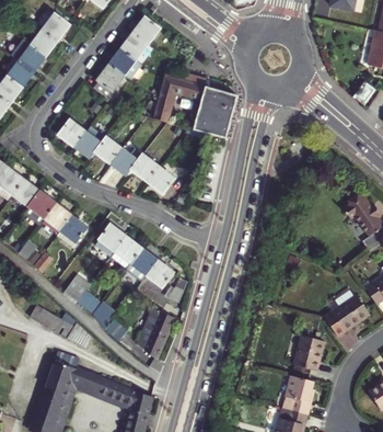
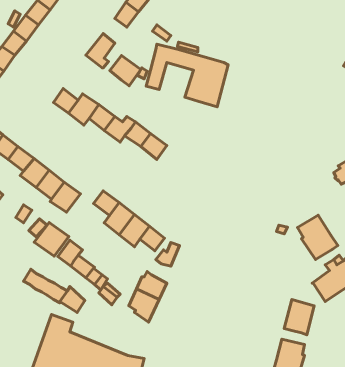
building: [109,48,141,79] -> [110,56,141,86]
building: none -> [298,215,338,260]
building: none -> [34,222,69,256]

